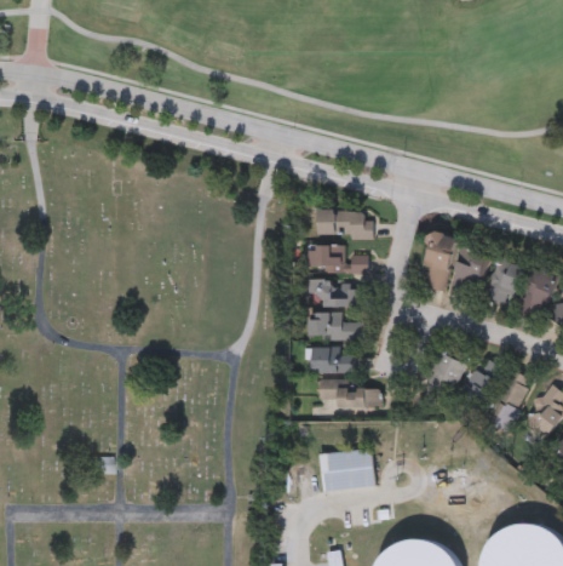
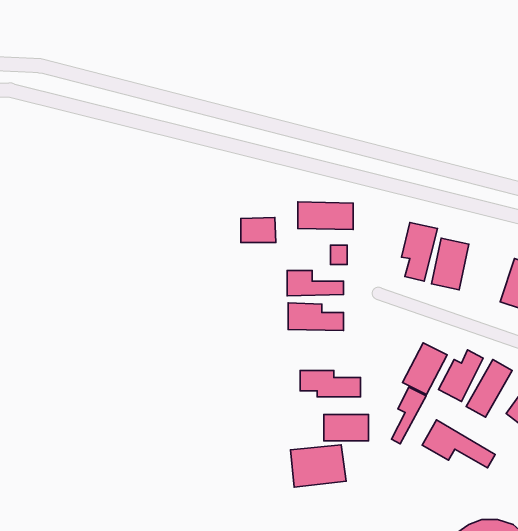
building: [310,244,345,269] -> [241,217,276,243]
building: [487,257,525,305] -> none
building: [312,345,357,372] -> [324,414,368,441]
building: none -> [391,387,426,444]
building: none -> [422,420,495,468]

